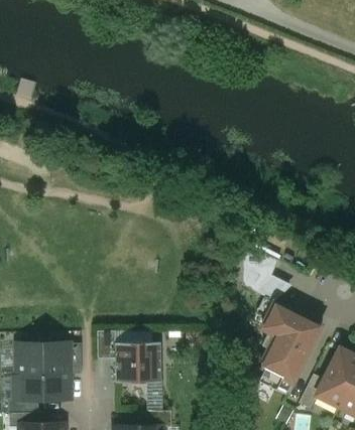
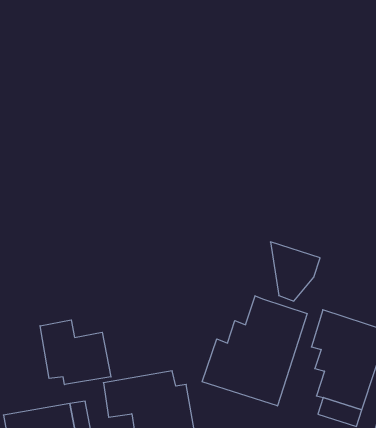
building: none -> [40,320,111,385]
building: none -> [202,296,307,406]

